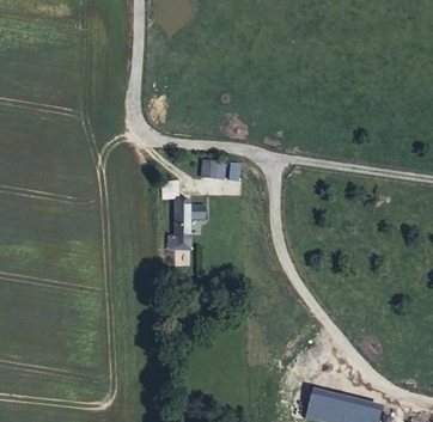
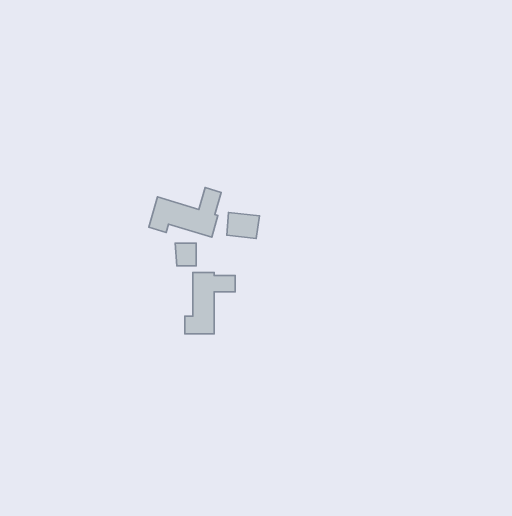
building: none -> [149,188,221,237]

